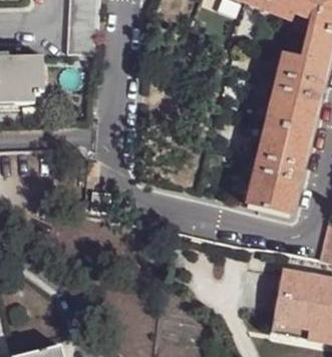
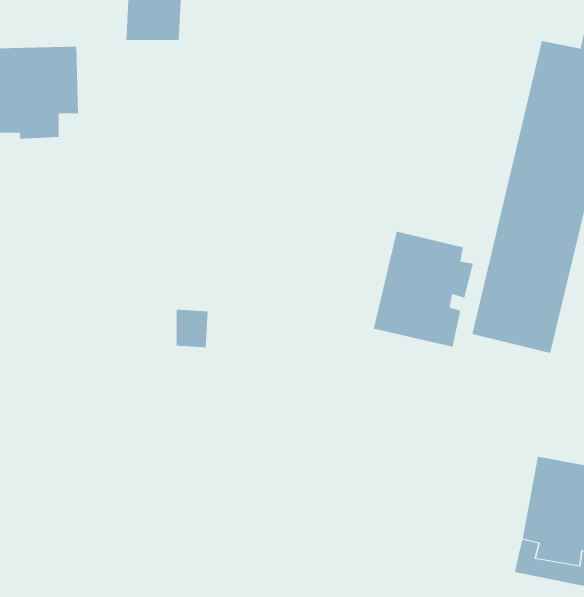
building: none -> [373,231,474,347]

